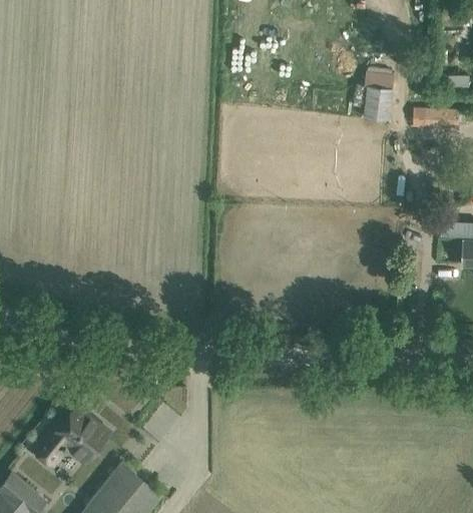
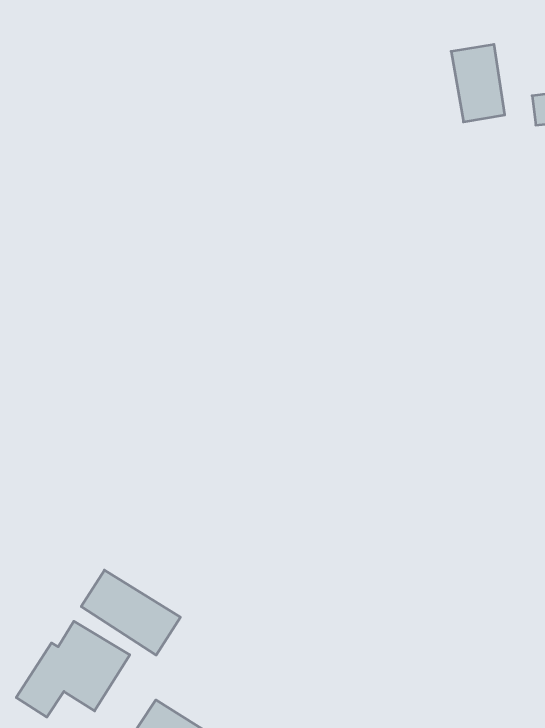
building: none -> [81,570,180,655]

